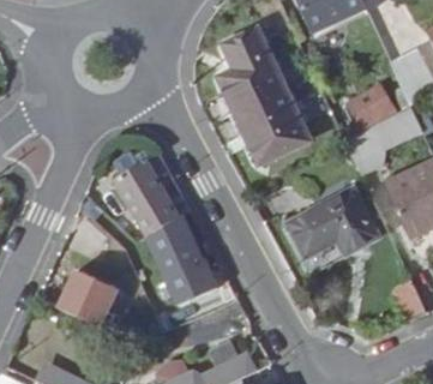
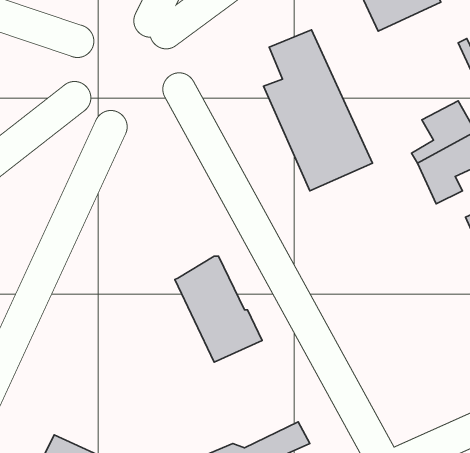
building: [115,154,178,234] -> none
building: [289,190,379,257] -> none
building: [59,268,120,329] -> none

